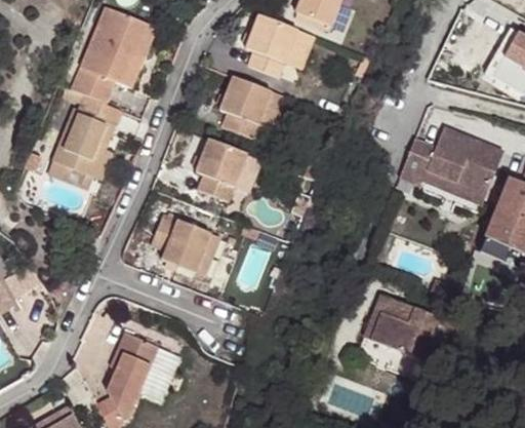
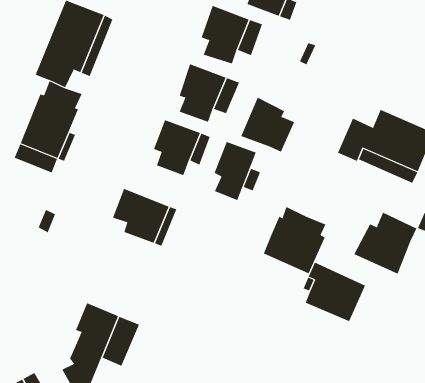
building: none -> [241,97,295,153]
building: none -> [214,141,256,201]
building: none -> [263,206,326,274]
building: none -> [354,212,417,274]

